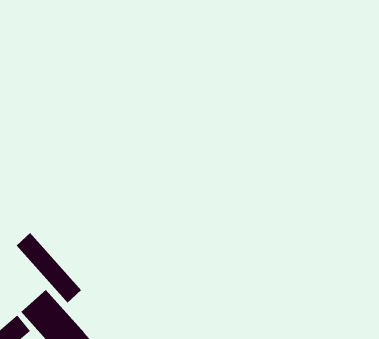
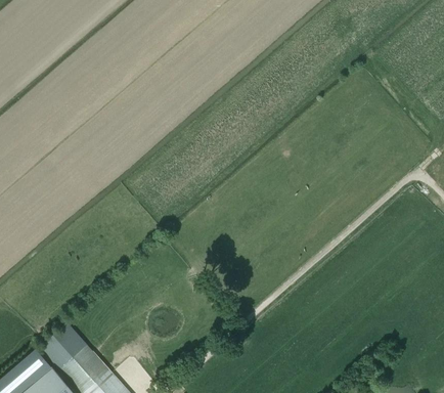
building: [16,232,82,304] -> none

